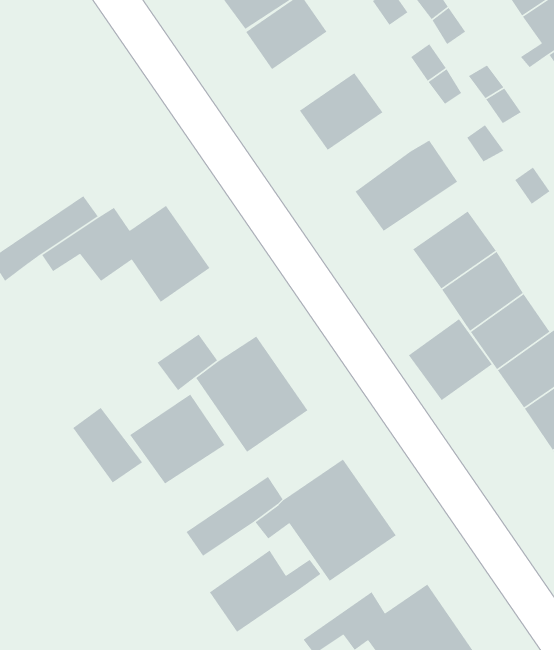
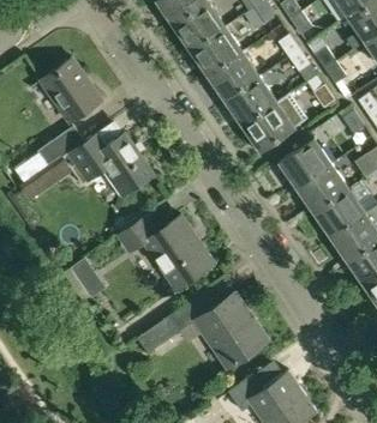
building: none -> [191,26,243,75]
building: none -> [40,58,103,123]
building: none -> [226,77,277,125]
building: [408,318,493,401] -> none
building: [129,394,225,484] -> none
building: [209,549,322,633] -> none

